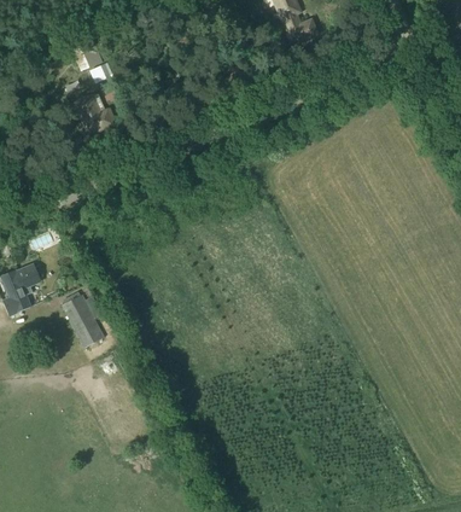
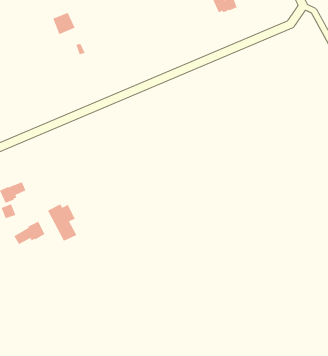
building: [75,92,115,132] -> none
building: none -> [14,221,45,245]

